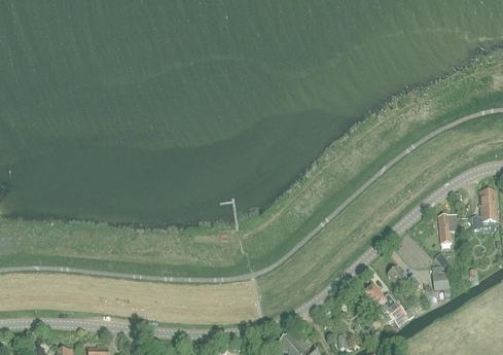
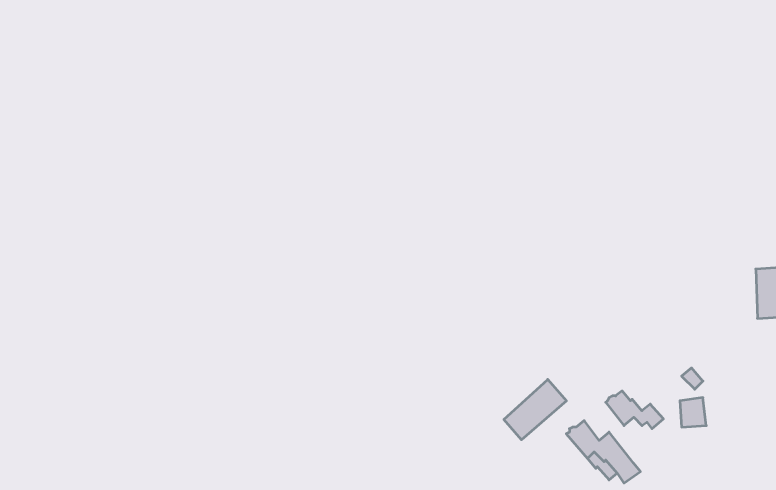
building: [437,213,456,243] -> none
building: none -> [504,379,566,440]

